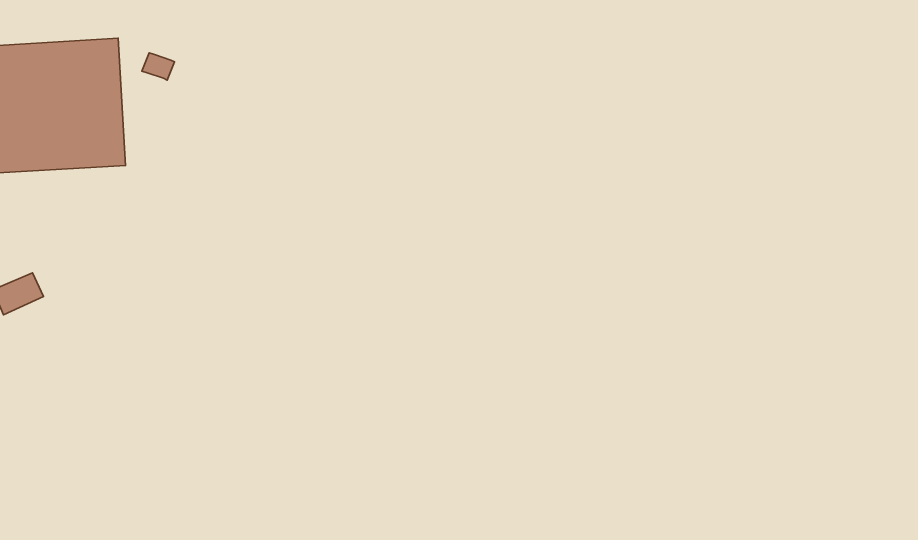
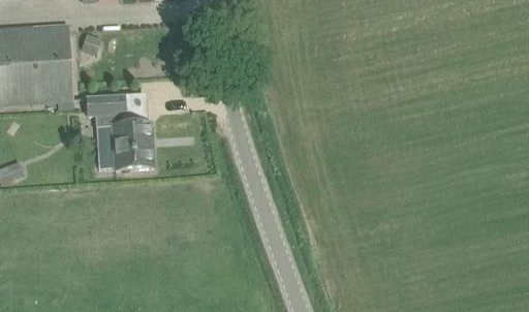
building: none -> [86,94,153,168]

